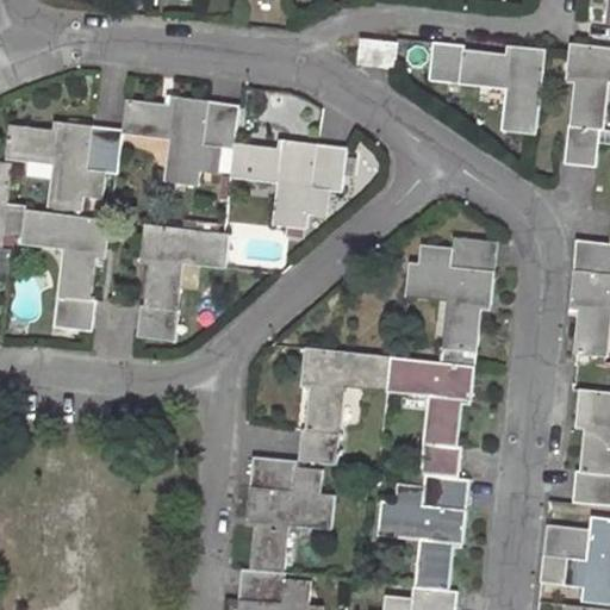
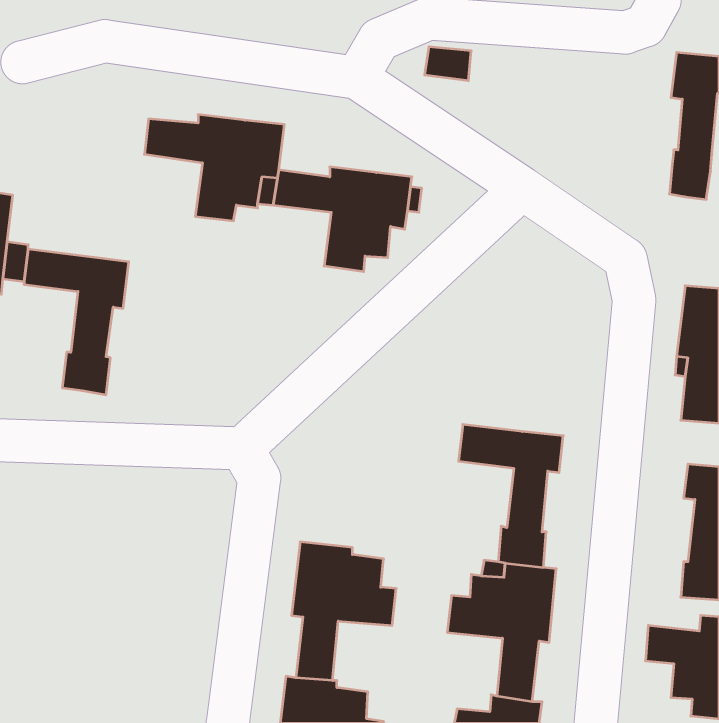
building: [428,43,546,136] -> none
building: [5,123,122,211] -> none
building: [136,224,228,342] -> none
building: [405,238,496,367] -> none
building: [297,349,390,465] -> none

